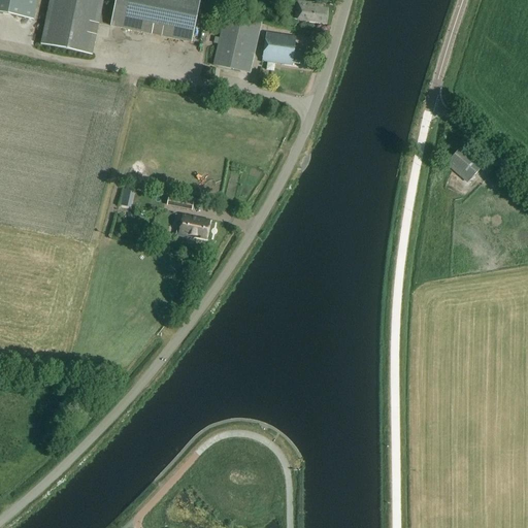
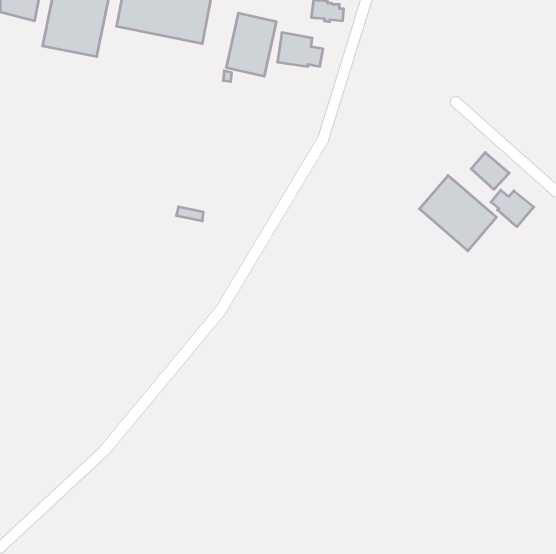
building: none -> [419,175,496,251]
building: none -> [491,190,534,227]
building: [175,214,209,237] -> none

